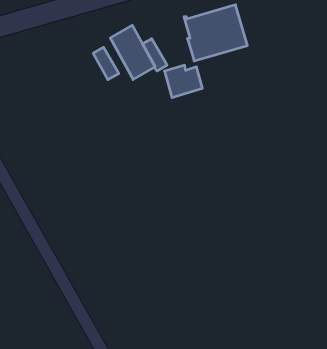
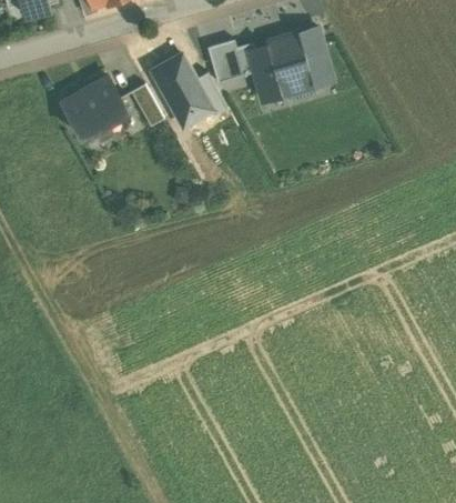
building: none -> [61,76,128,138]
building: [164,65,202,98] -> [207,41,257,83]

